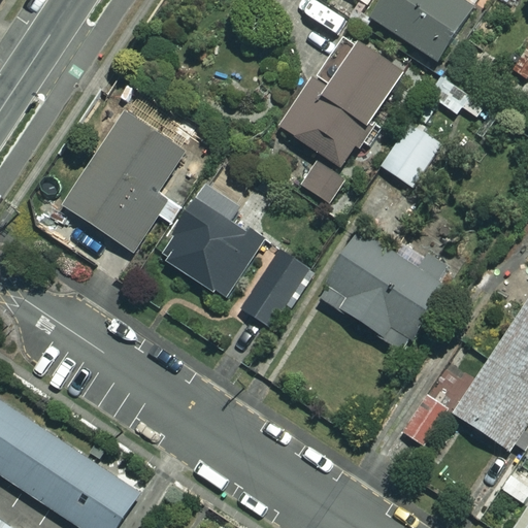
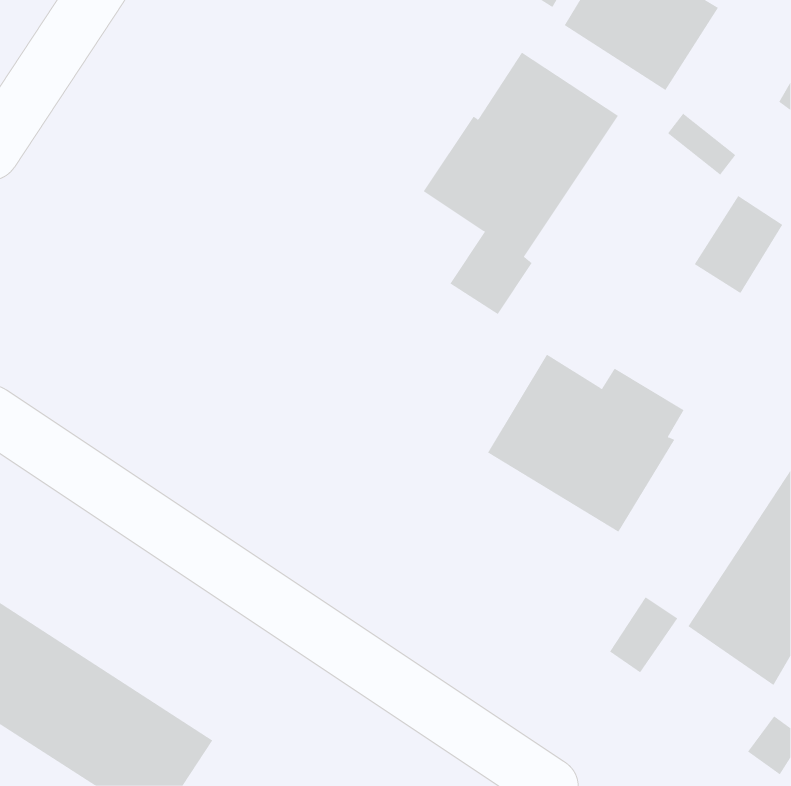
building: [62,113,184,251] -> none
building: [383,121,441,186] -> [694,195,783,294]
building: [161,185,263,298] -> none
building: [240,249,309,326] -> none

